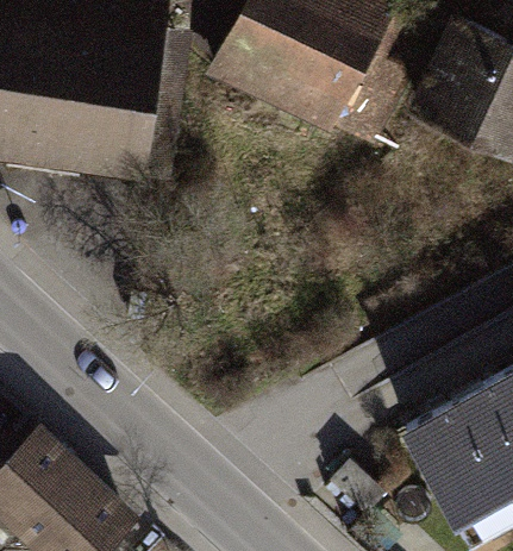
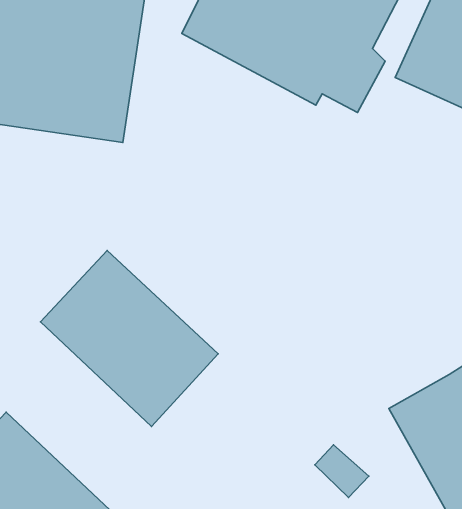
building: none -> [40,250,218,426]

